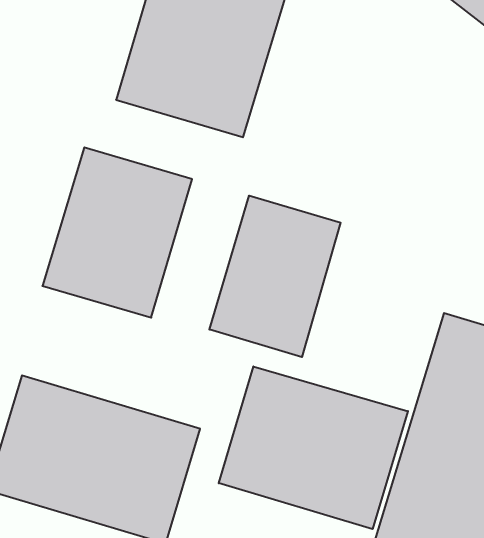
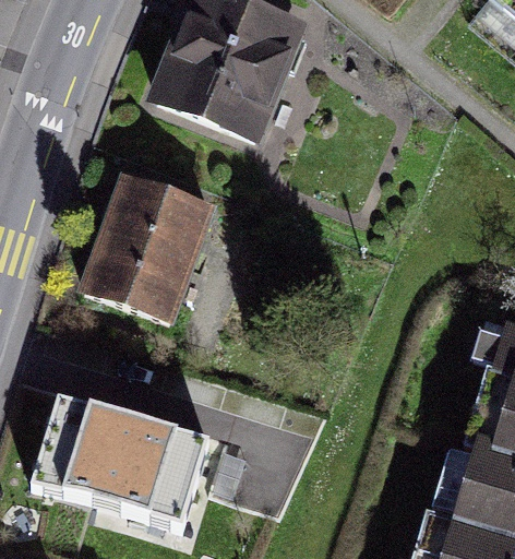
building: [209,196,341,357] -> none
building: [219,366,408,529] -> none

